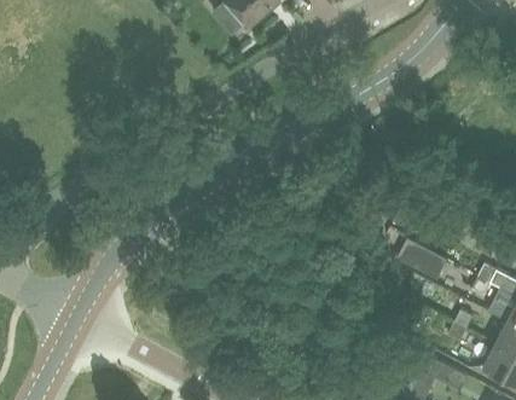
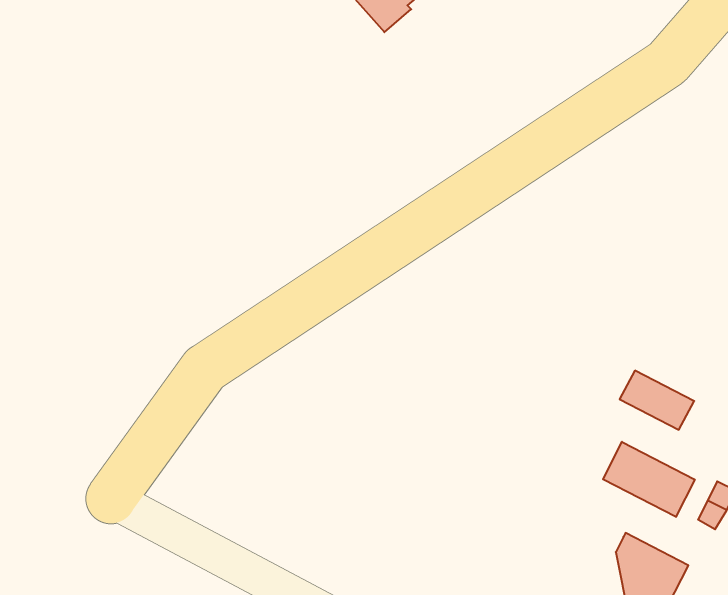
building: none -> [603,442,695,517]

